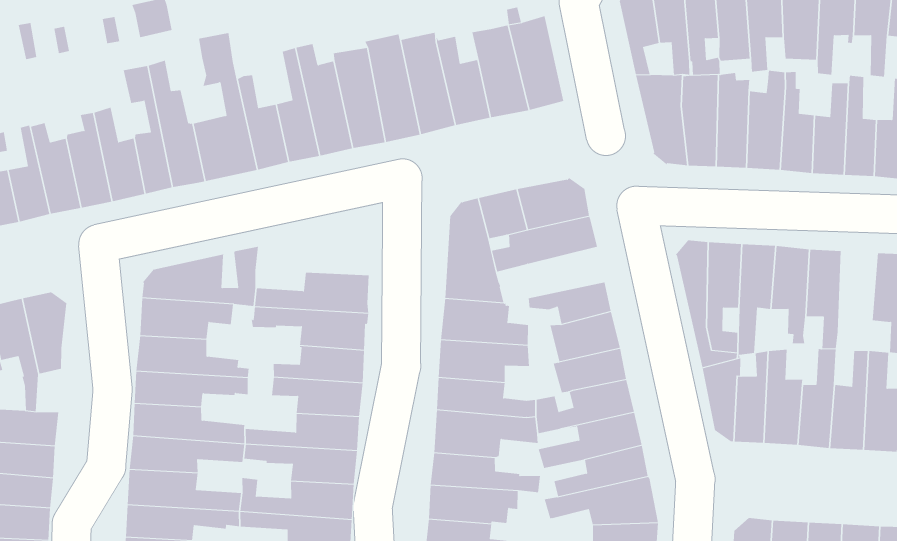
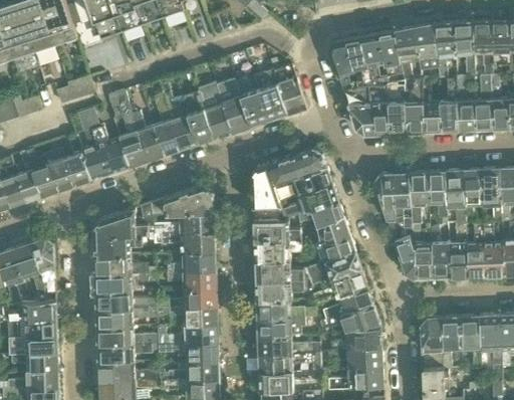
building: none -> [153,185,213,216]
building: none -> [283,184,338,219]
building: none -> [462,171,482,215]

